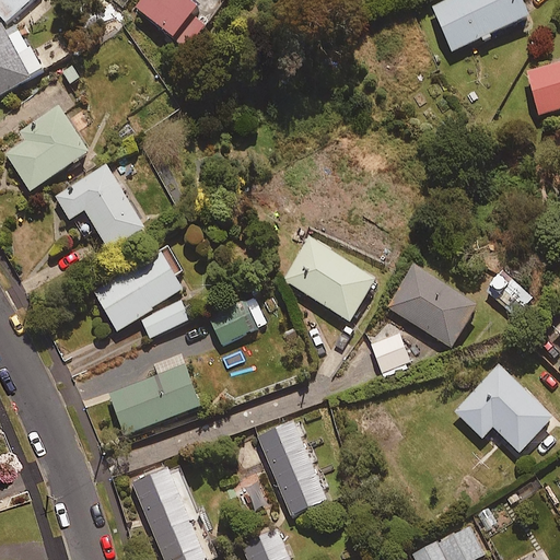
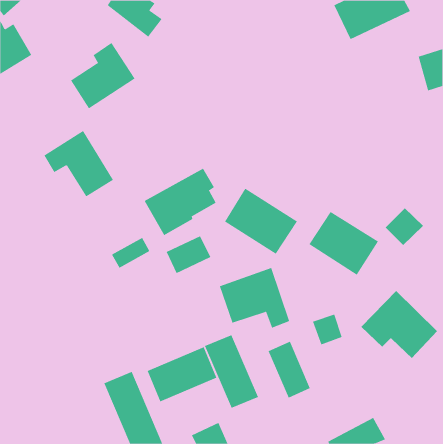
building: [5,105,88,189] -> [70,42,135,109]
building: [91,245,183,330] -> [144,168,217,236]
building: [371,334,409,373] -> [312,314,343,345]
building: none -> [219,267,290,328]
building: [110,364,199,434] -> [147,347,217,402]
building: none -> [268,341,311,399]

